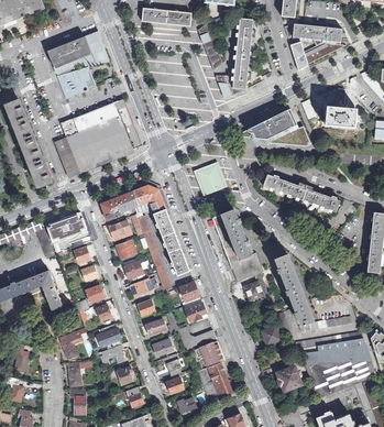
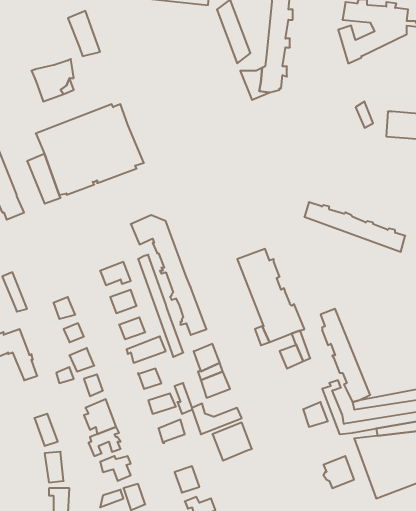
building: [47,36,96,75] -> none
building: [239,109,310,146] -> none
building: [196,164,224,195] -> none
building: [100,191,138,221] -> none
building: [46,212,86,239] -> none
building: [197,362,232,397] -> none

